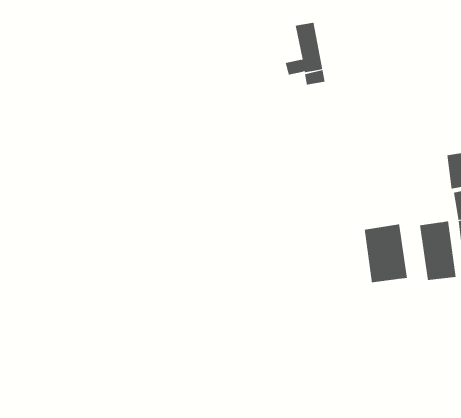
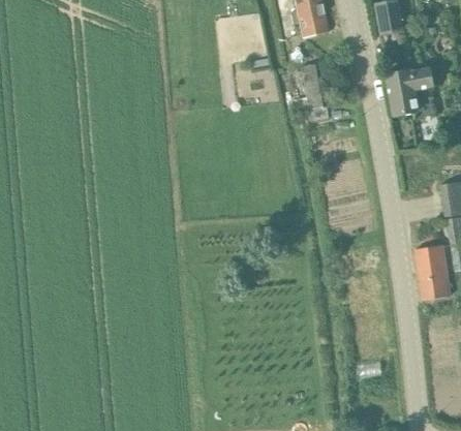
building: none -> [386,66,433,115]
building: [364,224,407,283] -> none

